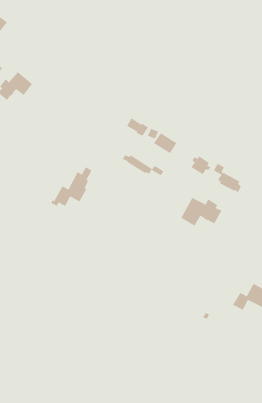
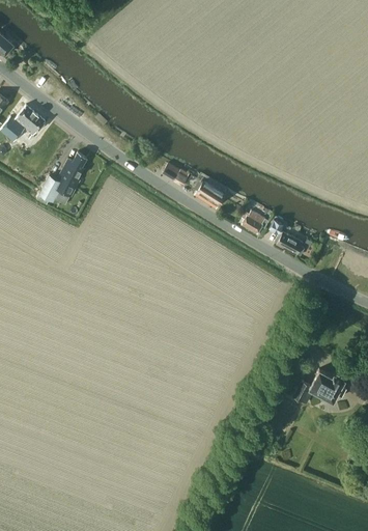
building: [122,154,164,176] -> none
building: [51,166,92,206] -> [35,151,87,201]
building: [180,197,222,227] -> none

